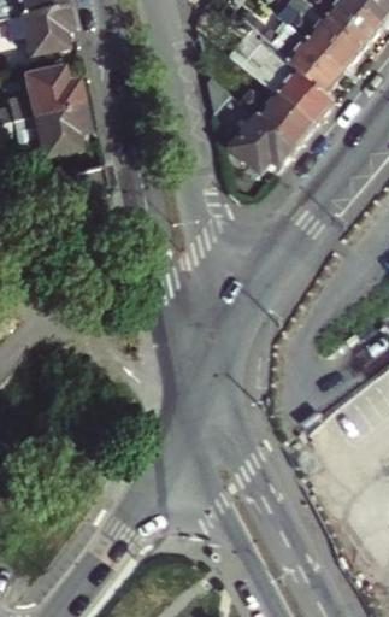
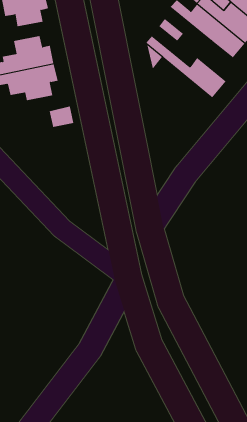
building: [264,61,341,122] -> none
building: [231,99,302,170] -> none

